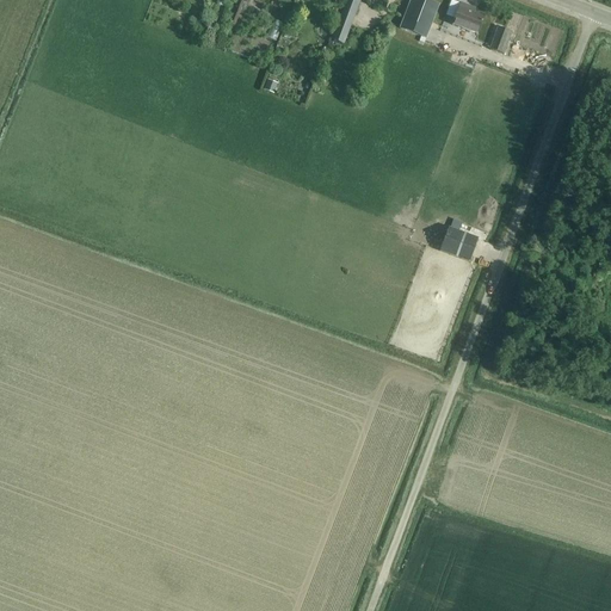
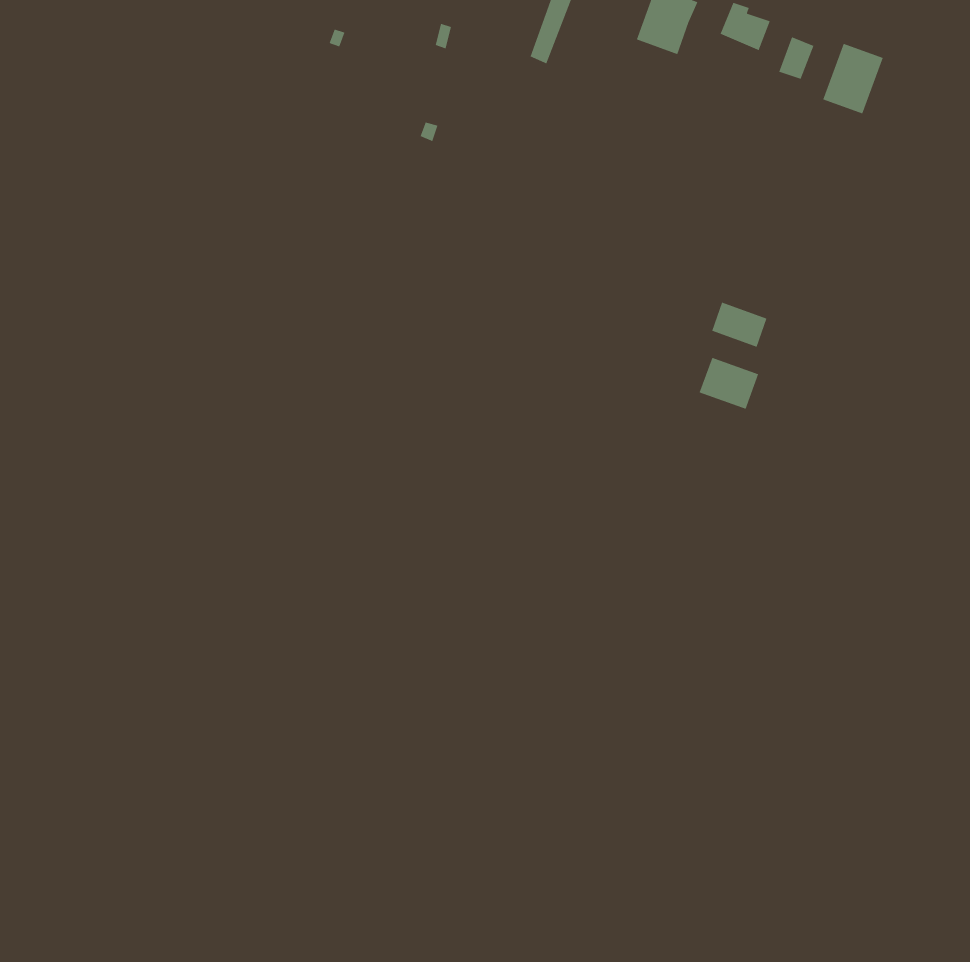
building: none -> [822,43,884,114]
building: none -> [711,302,768,348]

